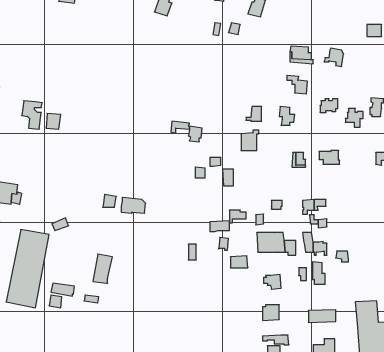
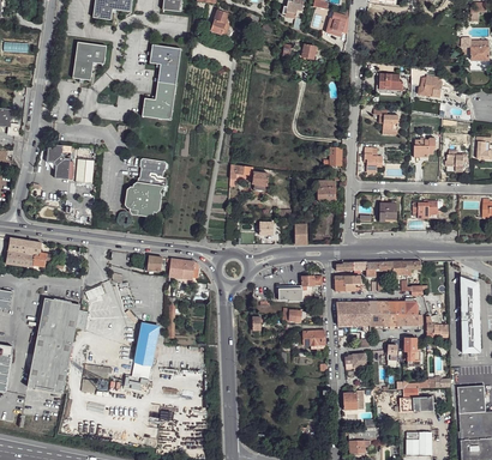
building: none -> [72,42,106,80]
building: none -> [140,44,180,121]
building: none -> [124,158,166,217]
building: none -> [461,277,482,355]

